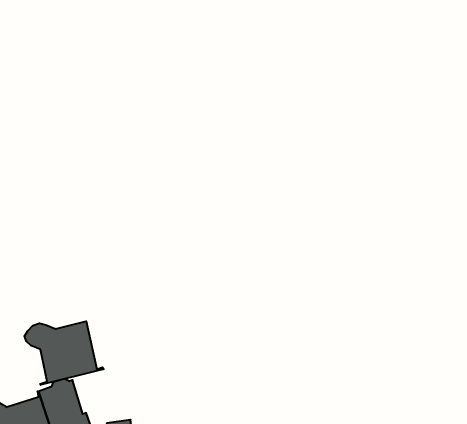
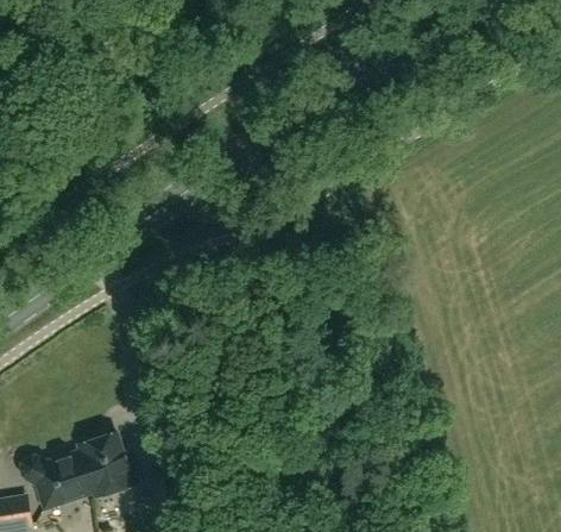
building: [25,321,104,385] -> none

